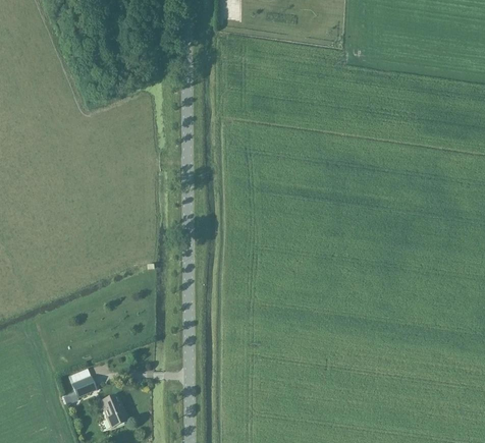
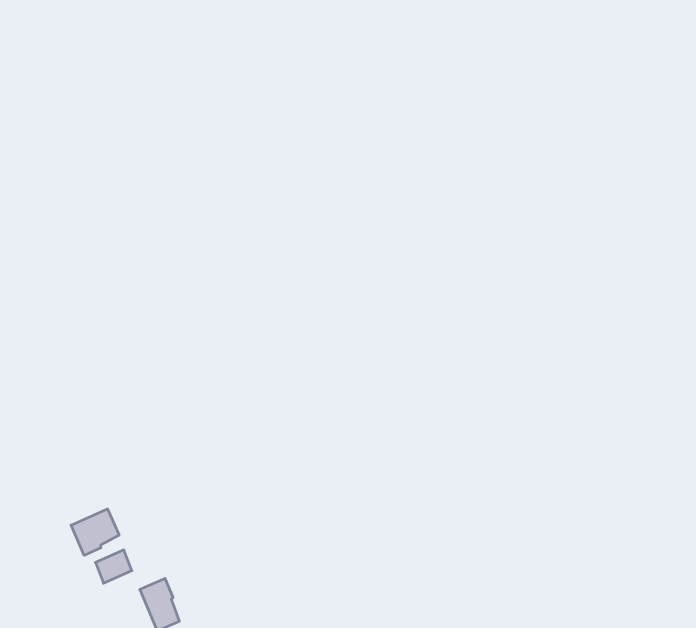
building: none -> [71,509,119,555]

